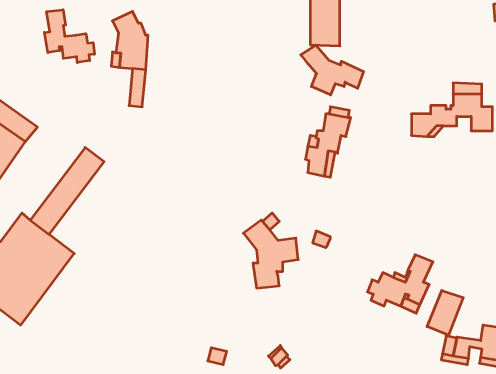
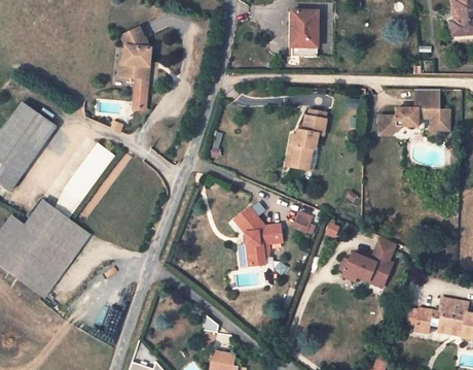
building: [44,10,94,63] -> none
building: [301,45,364,95] -> none
building: [427,290,463,335] -> none

